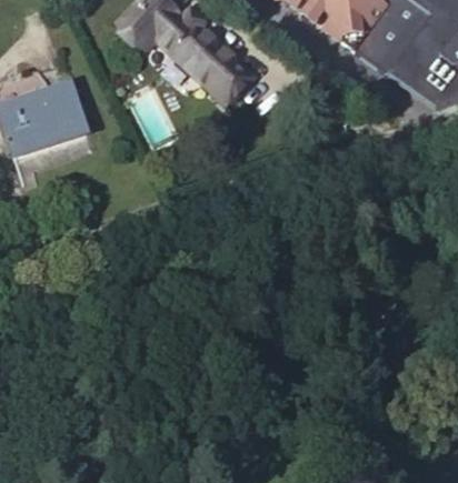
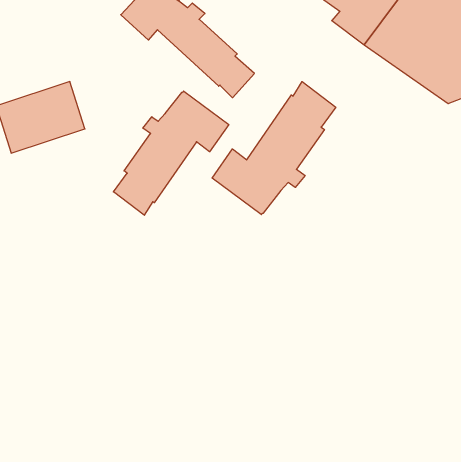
building: none -> [212,82,336,215]
building: none -> [113,91,229,215]

